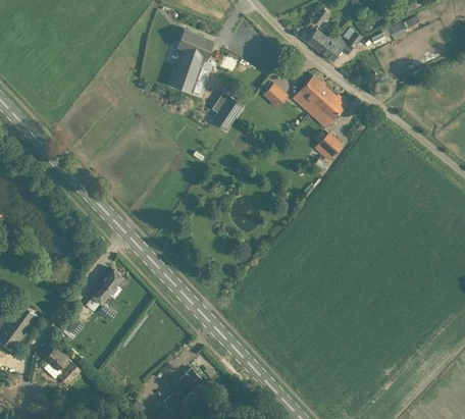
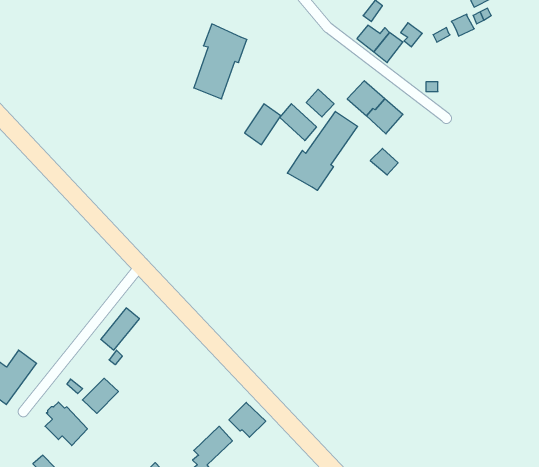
building: none -> [280,104,316,141]
building: none -> [287,111,358,190]
building: none -> [82,378,118,413]
building: none -> [229,402,266,437]

